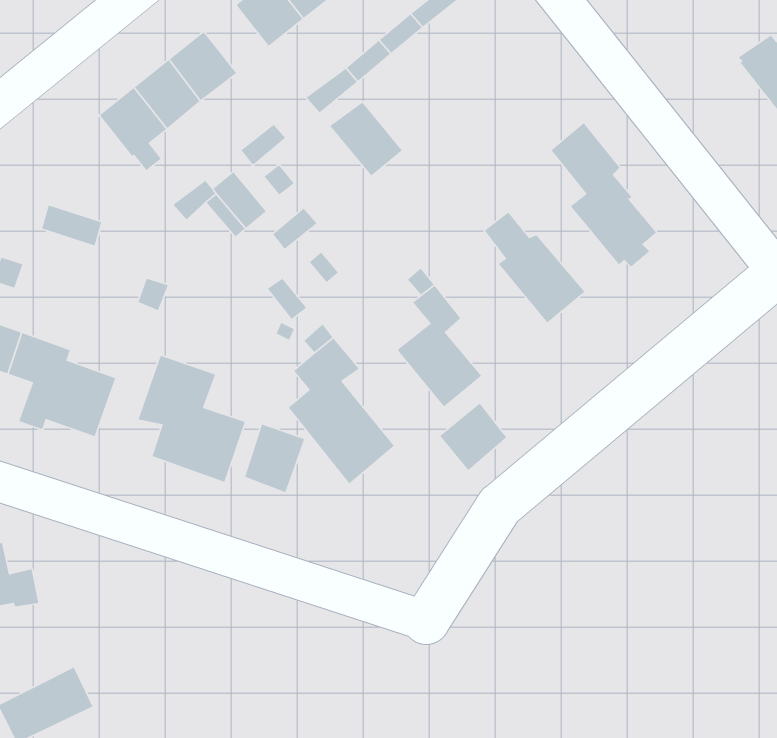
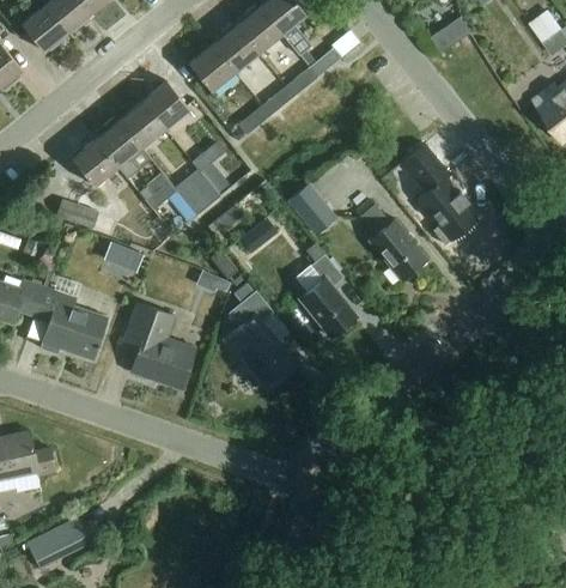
building: [329,101,403,177] -> [285,186,335,237]
building: none -> [71,138,117,186]
building: [439,402,507,471] -> none
building: [244,423,305,493] -> none

